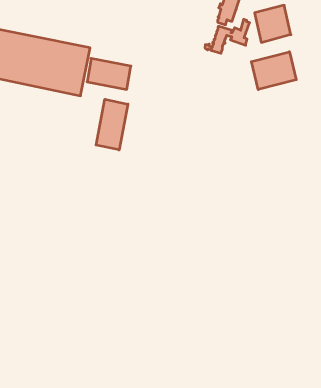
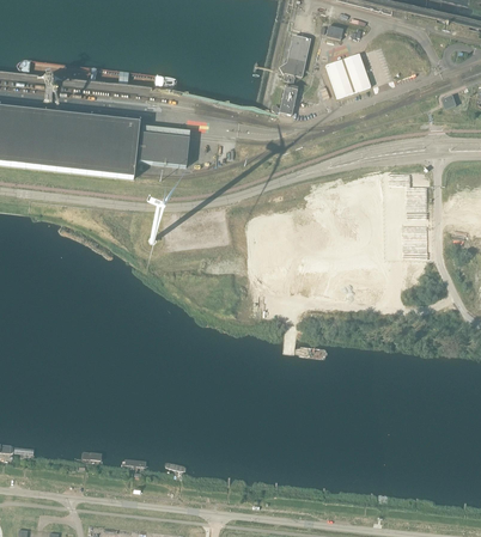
building: [251,52,296,90] -> none
building: [96,99,128,150] -> none

